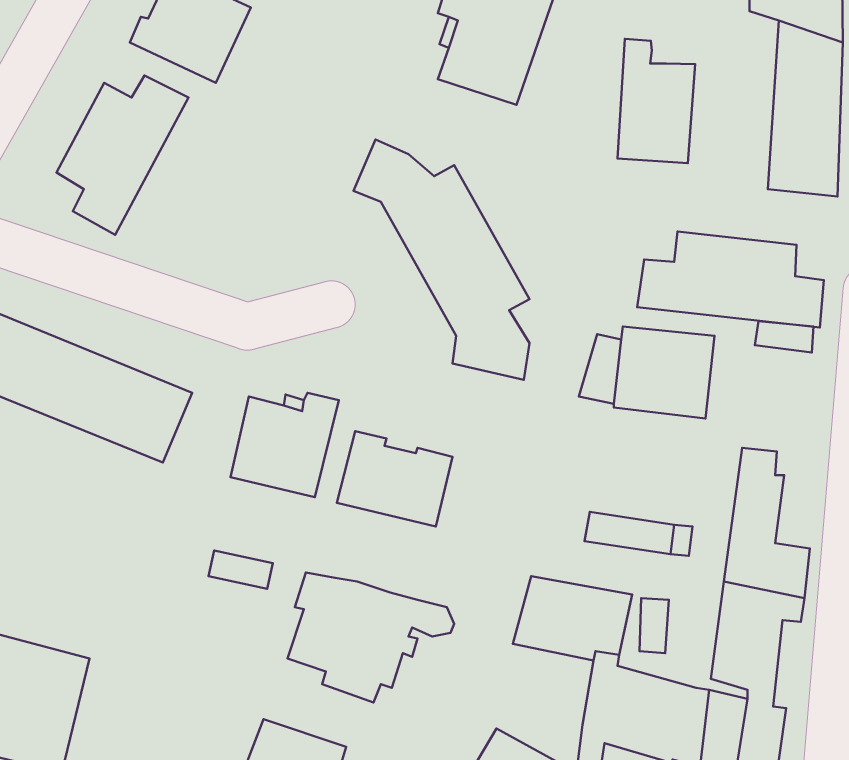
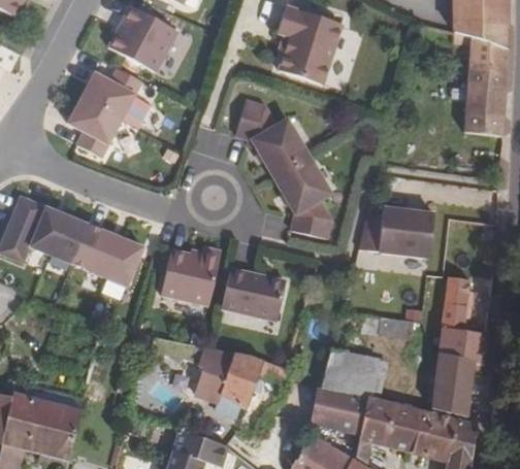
building: [618,39,695,163] -> none
building: [637,231,824,327] -> none
building: none -> [314,388,367,433]

